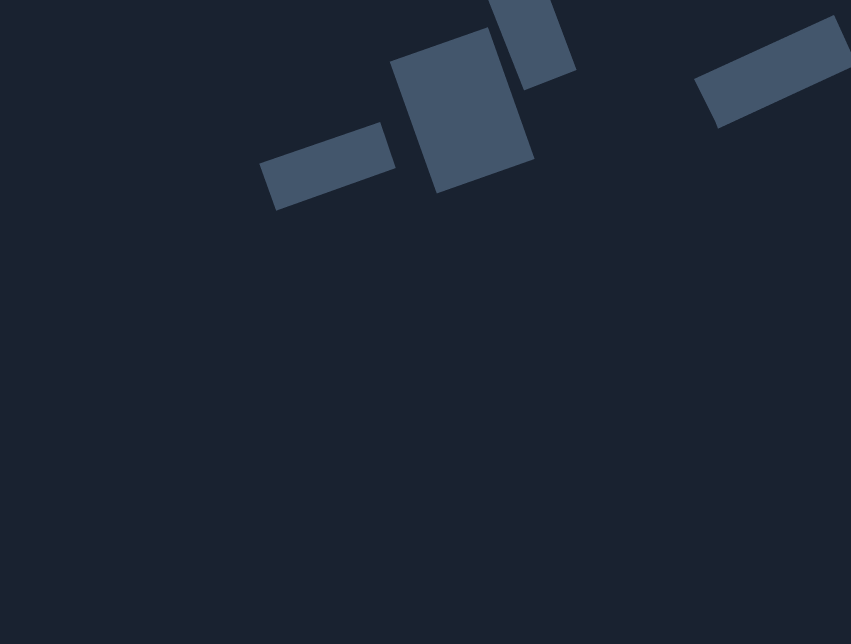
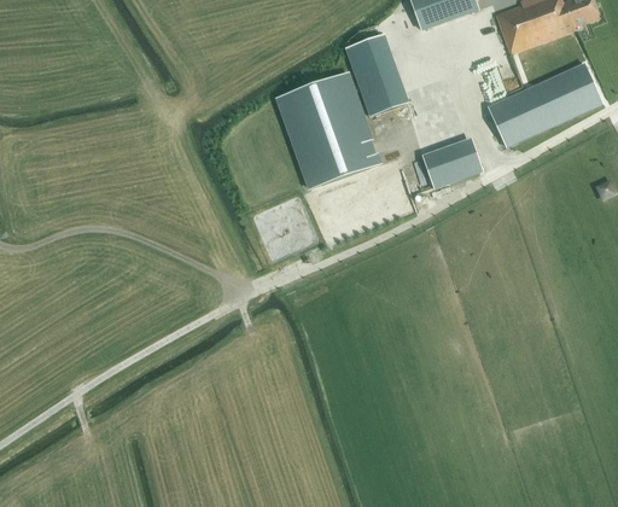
building: [259,121,397,212] -> none
building: none -> [425,142,483,187]

